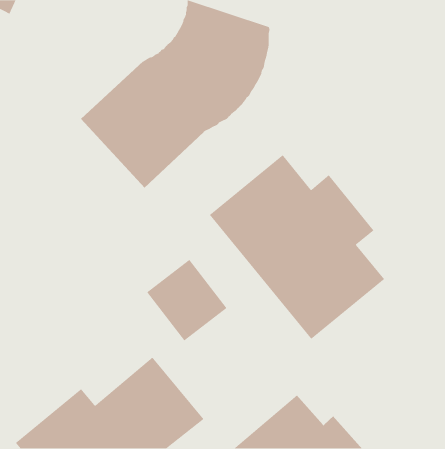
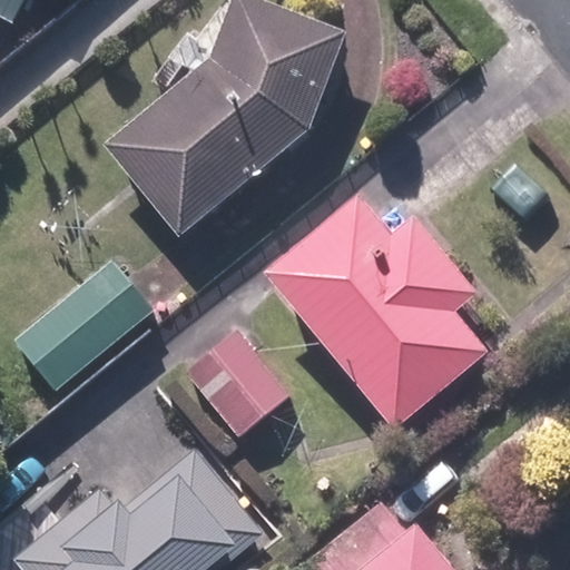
building: none -> [16,266,146,390]

